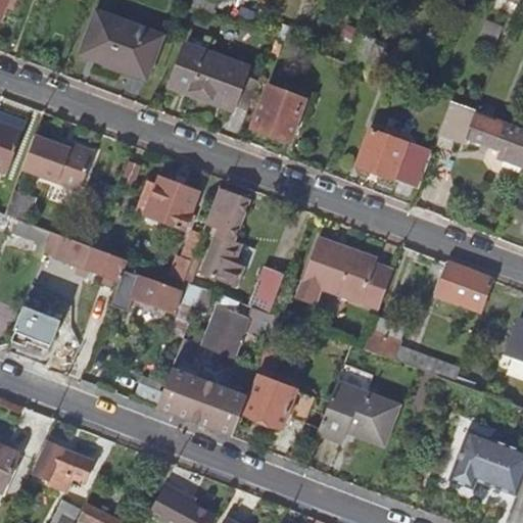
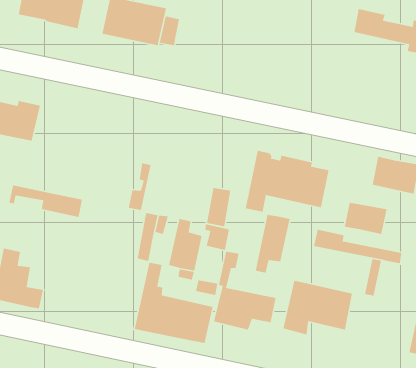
building: [251,86,302,141] -> none
building: [355,130,432,188] -> none
building: [137,178,198,230] -> none
building: [202,188,249,285] -> none
building: [108,270,178,313] -> none
building: none -> [255,214,290,274]
building: none -> [344,202,387,235]

